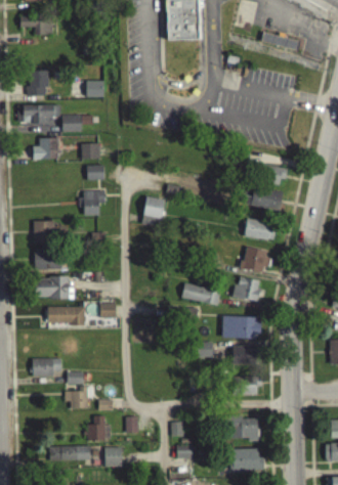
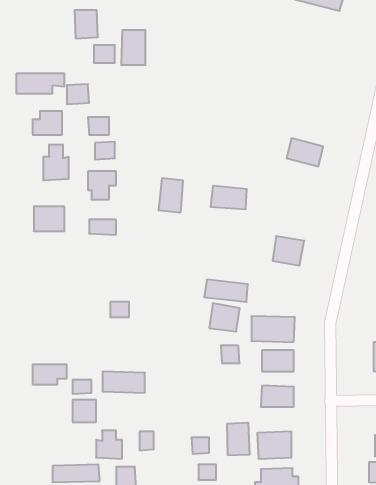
building: none -> [121,30,145,65]
building: [28,71,48,95] -> [74,10,98,38]
building: none -> [44,144,68,181]
building: [252,188,282,210] -> none
building: [244,219,276,239] -> [211,186,247,209]
building: [35,250,60,269] -> none
building: [34,276,74,299] -> none
building: [235,276,261,301] -> [209,303,240,332]
building: [48,306,85,324] -> [103,371,145,393]
building: none -> [227,423,250,455]

